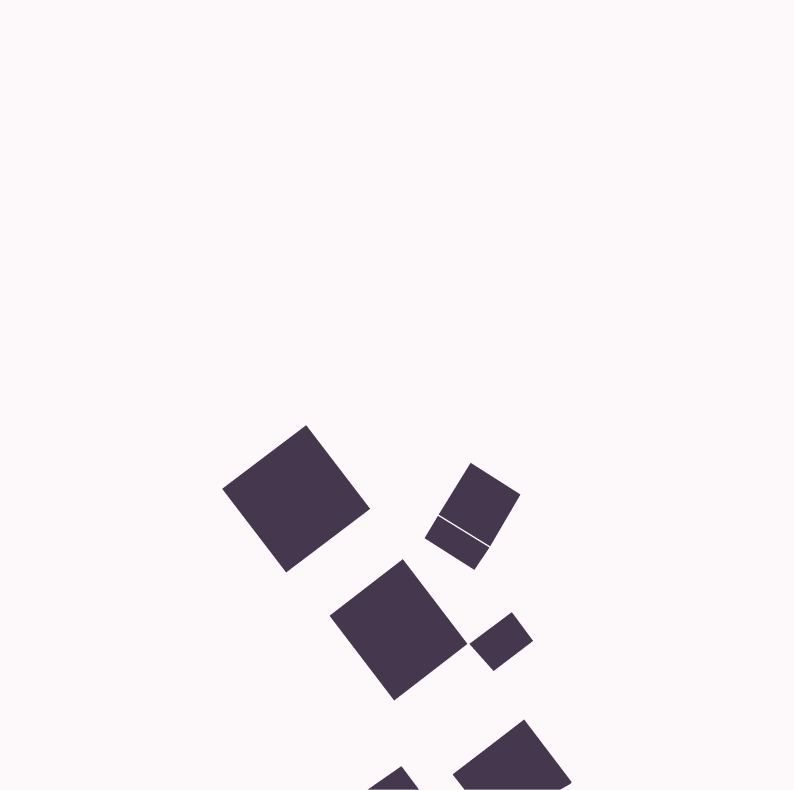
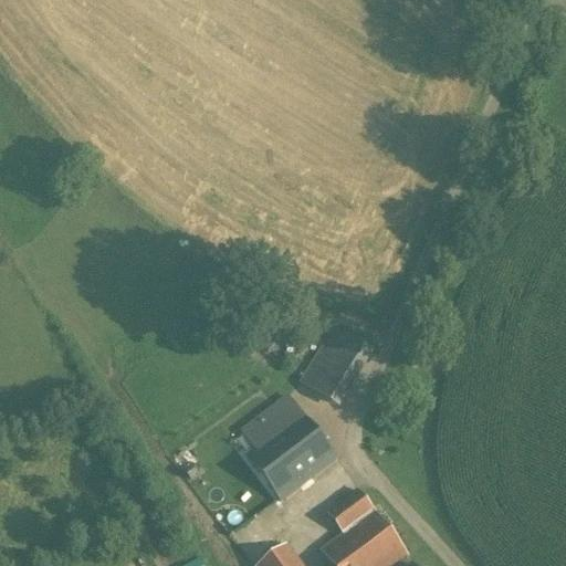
building: [221,424,371,574] -> none
building: [469,611,534,672] -> [327,490,374,533]

